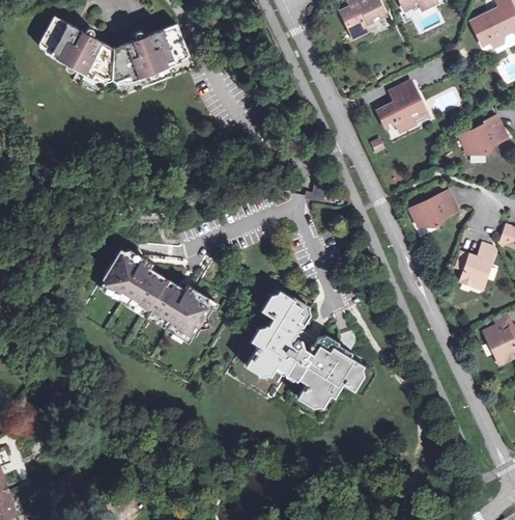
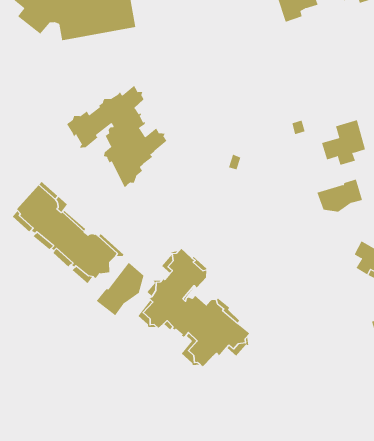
building: [377,82,424,132] -> [321,120,366,165]
building: none -> [66,85,167,188]
building: none -> [96,262,144,316]

